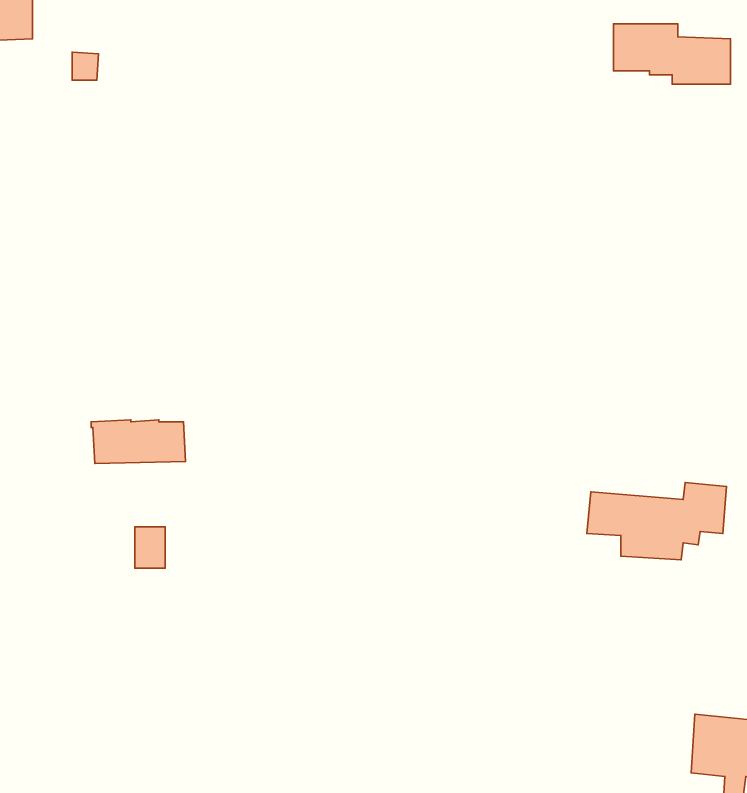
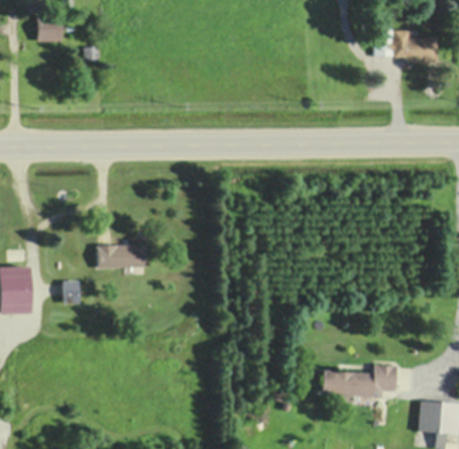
building: [587,483,727,560] -> [322,366,396,408]
building: [135,527,165,568] -> [64,279,80,302]

